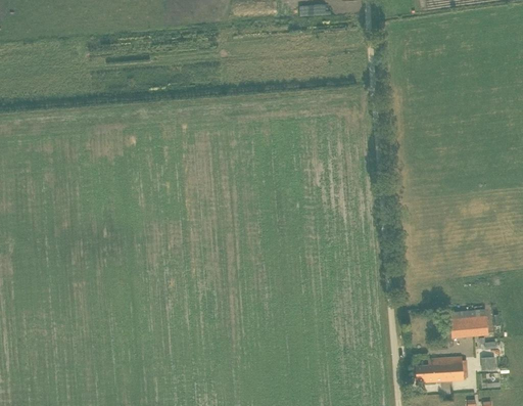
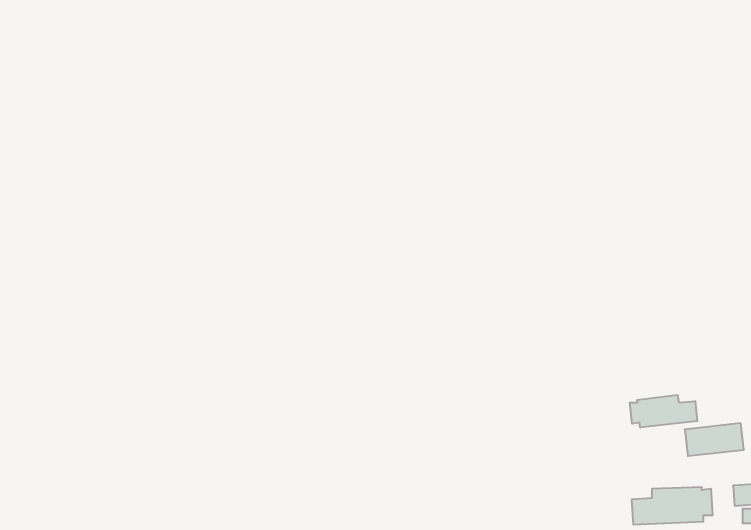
building: none -> [630,395,697,428]

